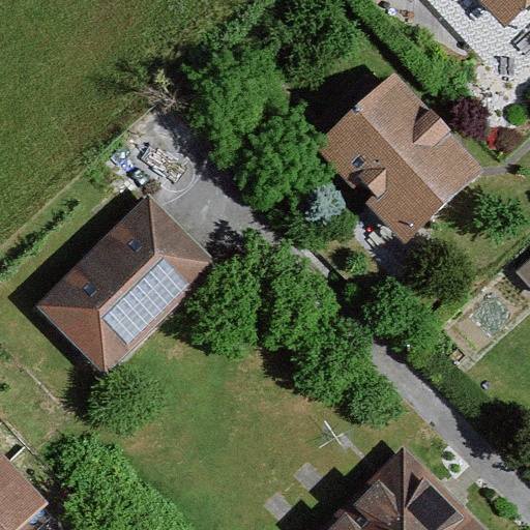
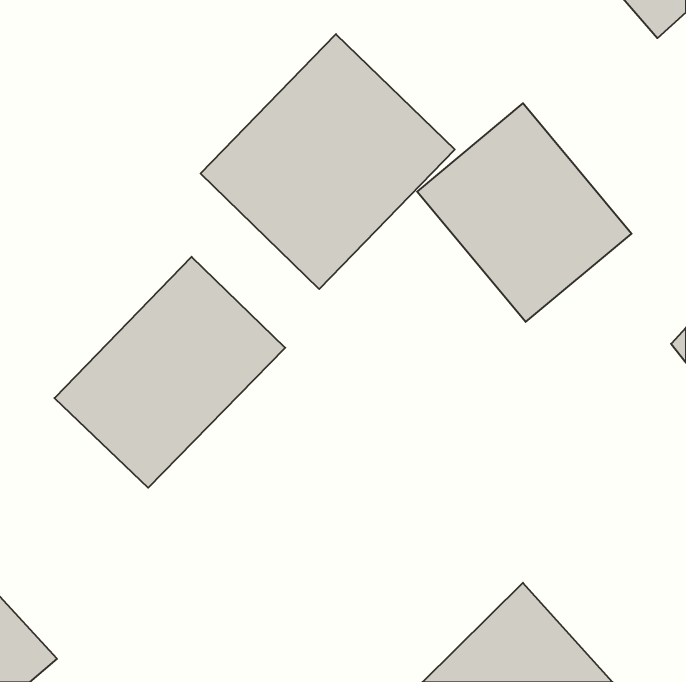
building: none -> [201,34,455,289]

